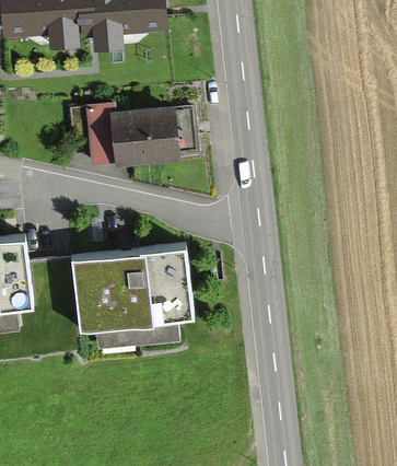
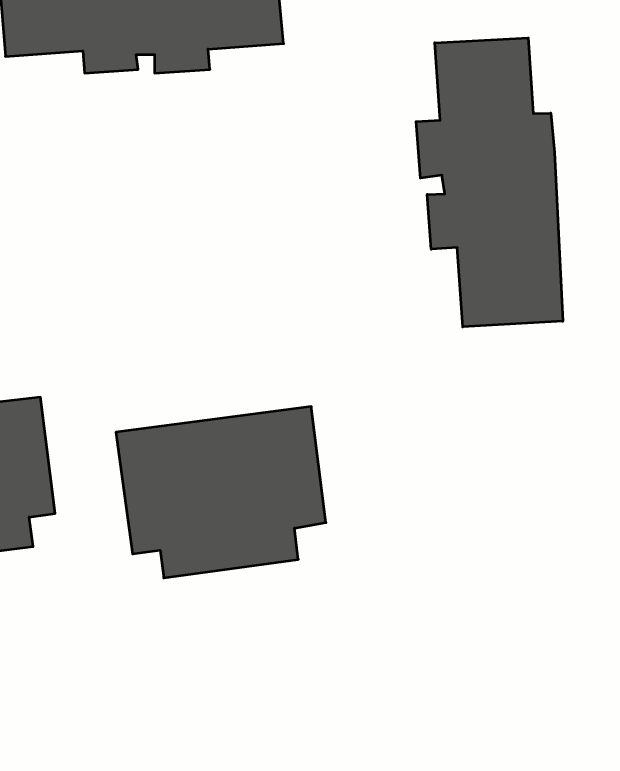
building: none -> [416,38,563,327]
building: [70,104,198,168] -> none

